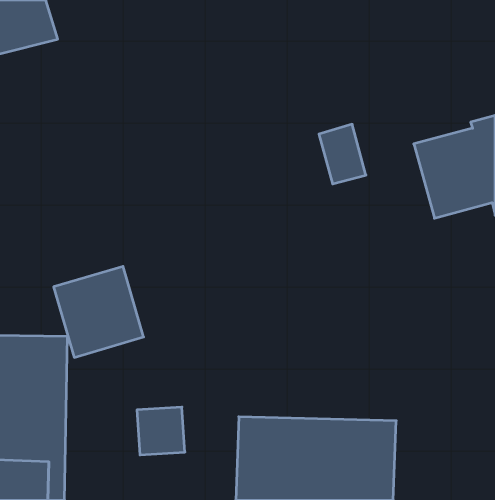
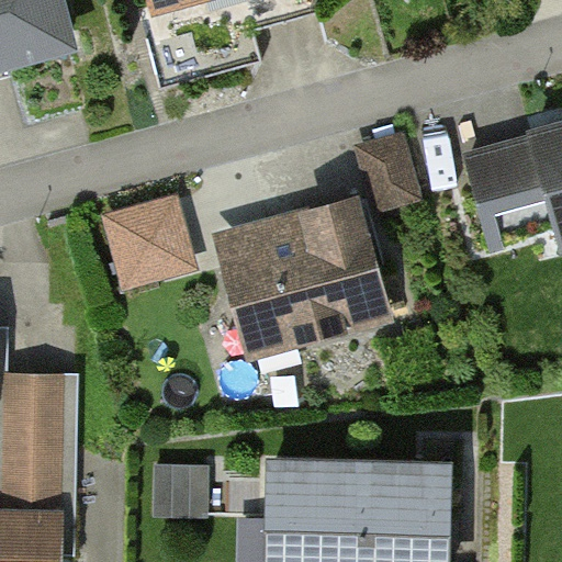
building: none -> [224,203,383,350]
building: [54,266,144,357] -> [101,181,202,283]

